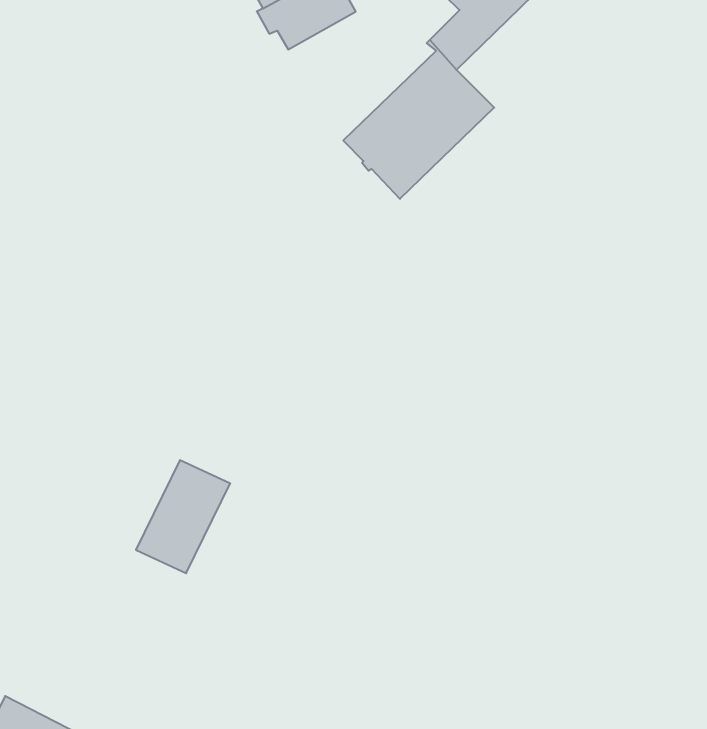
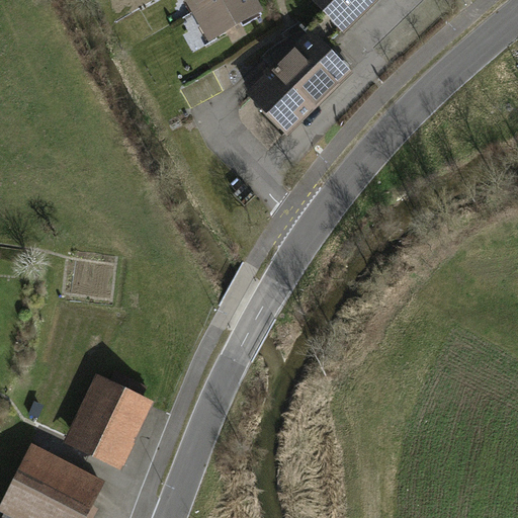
building: [136,460,230,573] -> [79,386,140,459]

